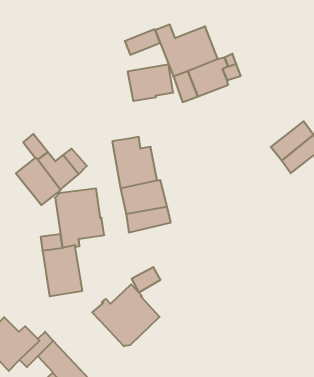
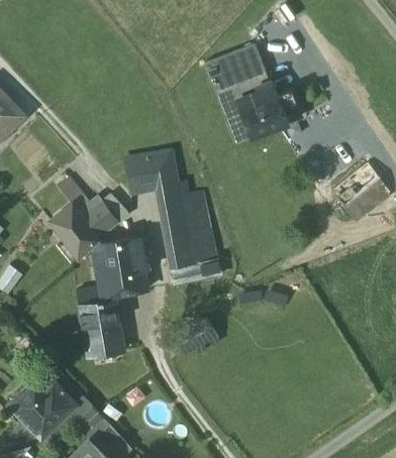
building: [125,29,160,55] -> [221,42,261,71]
building: [128,64,173,101] -> [126,150,177,191]
building: [92,284,160,346] -> none

